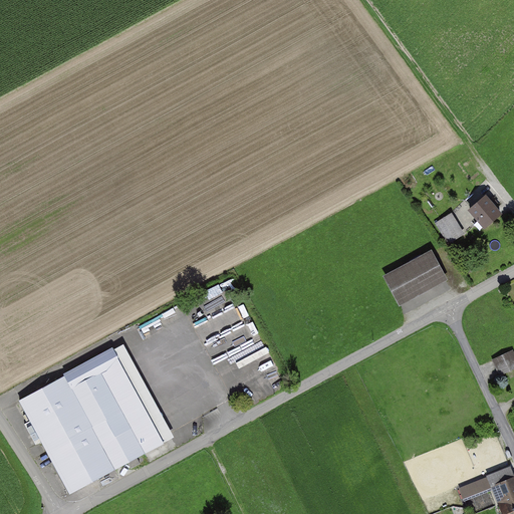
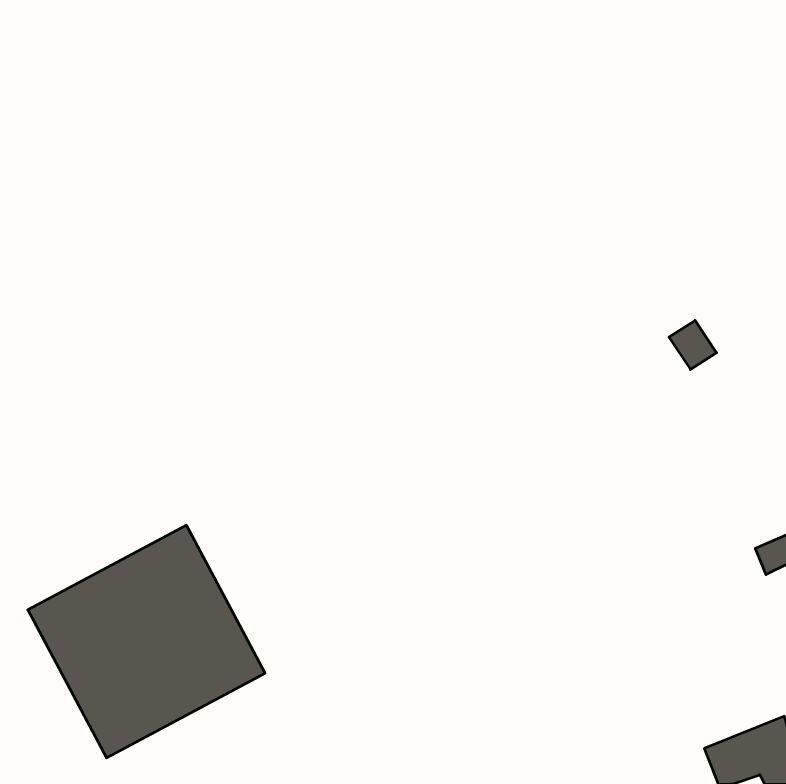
building: [467,195,501,229] -> none
building: [381,248,448,305] -> none

